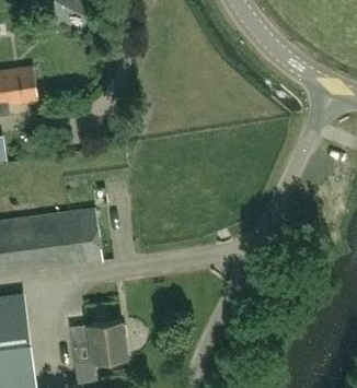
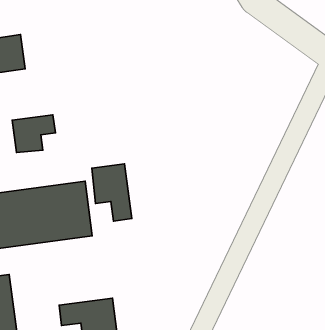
building: none -> [12,115,56,153]
building: none -> [92,164,132,221]

